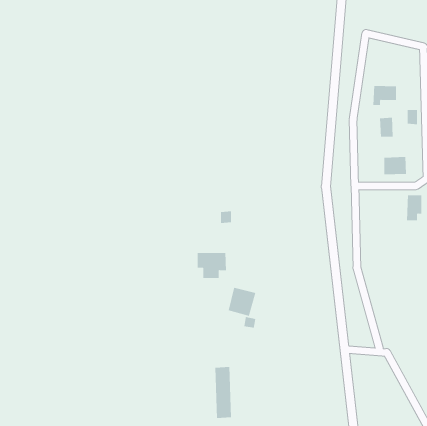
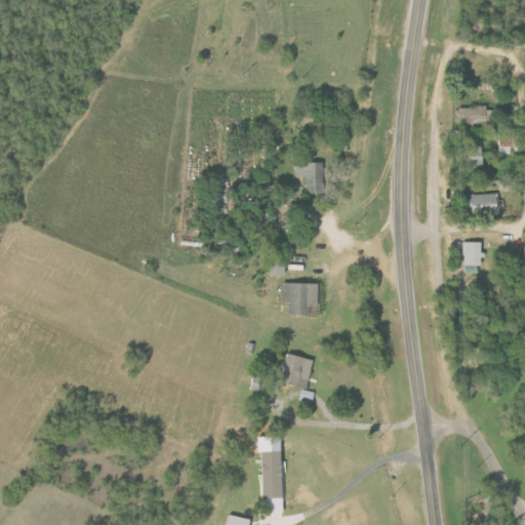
building: none -> [296,161,323,192]
building: [406,195,422,221] -> [462,240,482,272]
building: [197,252,227,278] -> [282,282,319,314]

